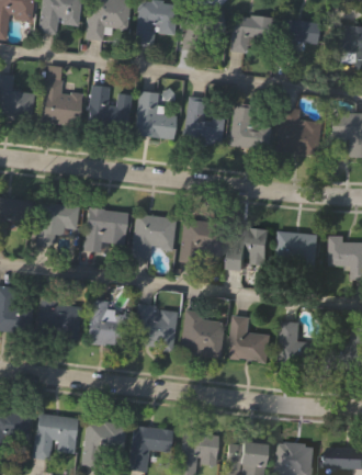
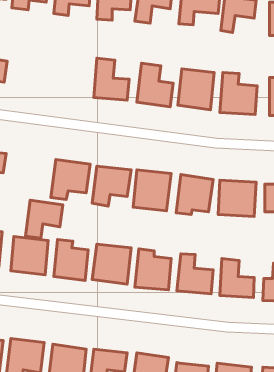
building: [41,67,82,124] -> none
building: [87,86,131,131] -> none
building: [37,202,80,246] -> [25,200,63,238]

